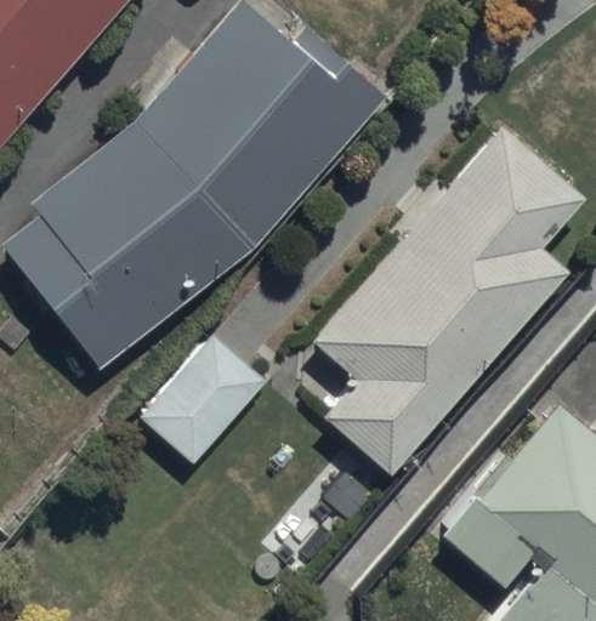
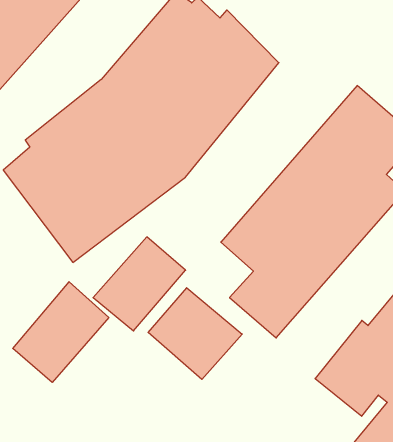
building: none -> [13,282,109,382]
building: none -> [148,288,242,379]

